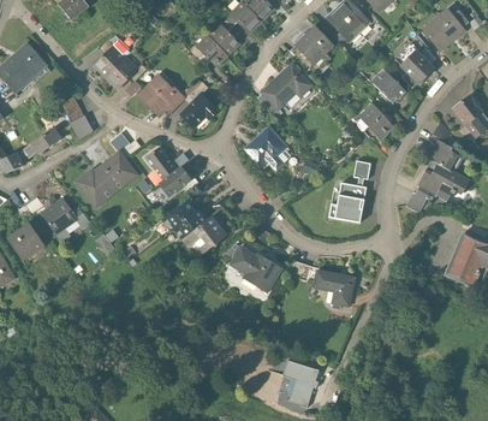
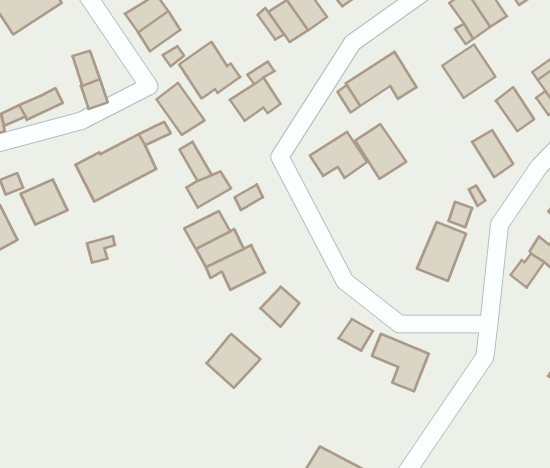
building: [294,24,334,64] -> [442,45,495,98]
building: none -> [157,83,204,135]
building: none -> [355,124,406,179]
building: [243,253,281,291] -> [206,334,260,388]

